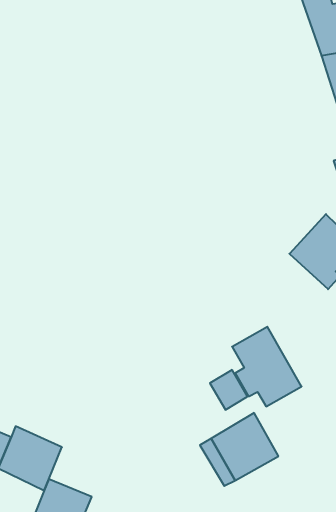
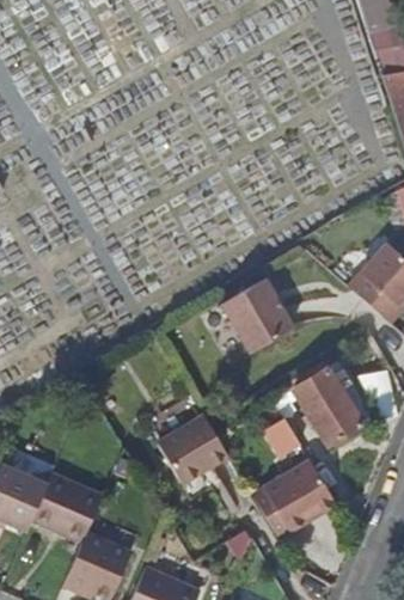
building: none -> [224,281,295,355]
building: none -> [157,414,227,483]

